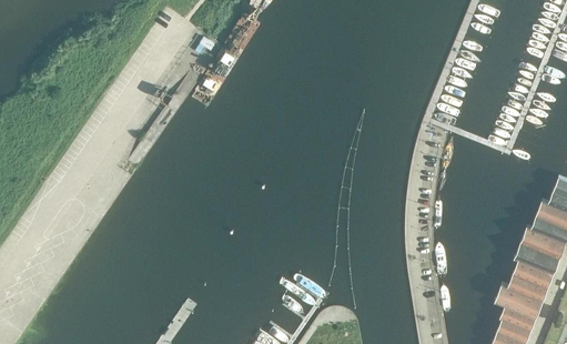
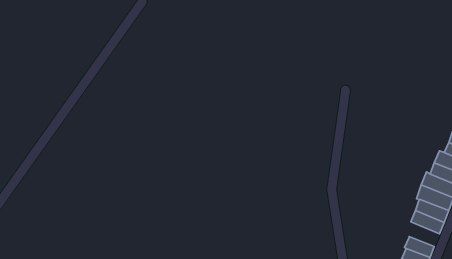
building: [494,285,541,317] -> none

